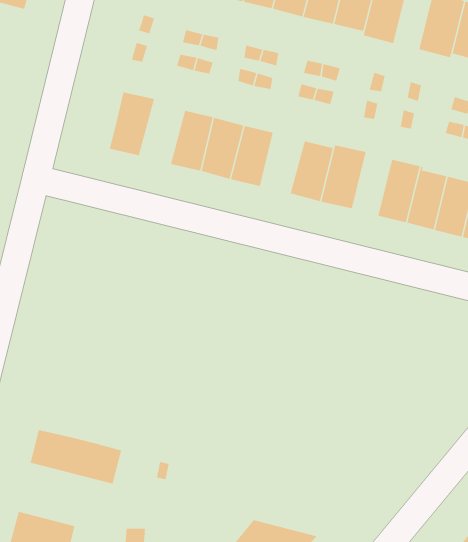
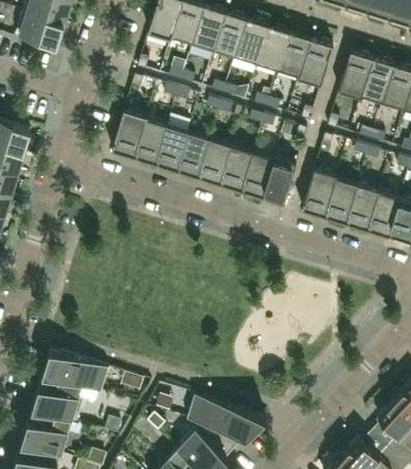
building: none -> [134,115,168,163]
building: none -> [219,144,253,188]
building: none -> [32,372,101,420]
building: none -> [187,393,266,436]

